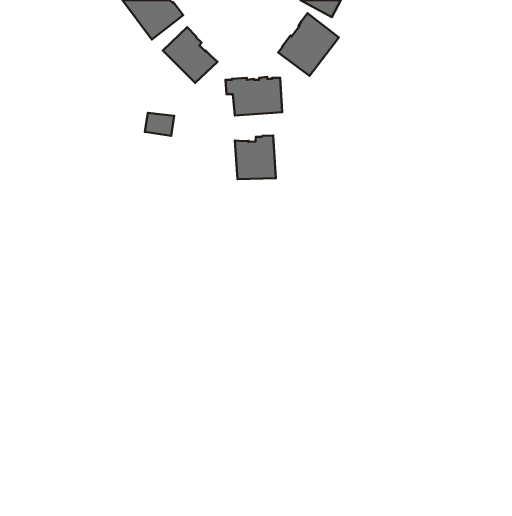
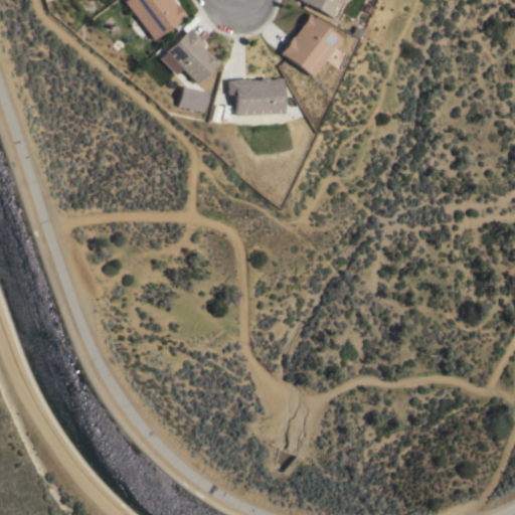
building: [145,113,174,136] -> [180,89,209,112]
building: [235,136,276,179] -> none

